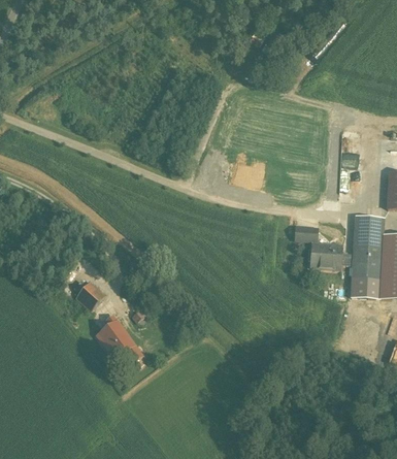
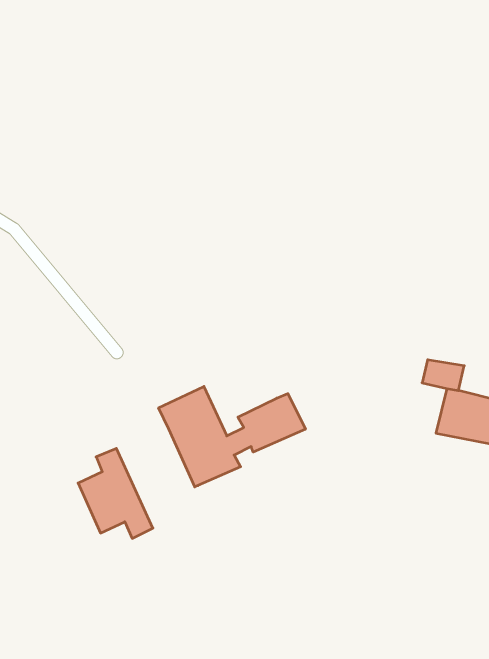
building: none -> [159,386,305,487]
building: [76,280,107,310] -> none

